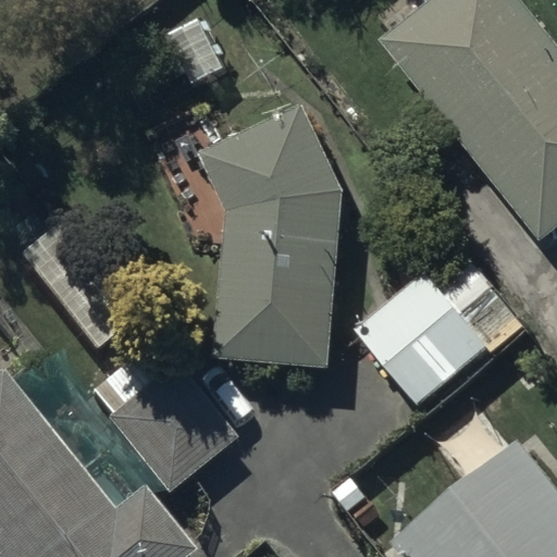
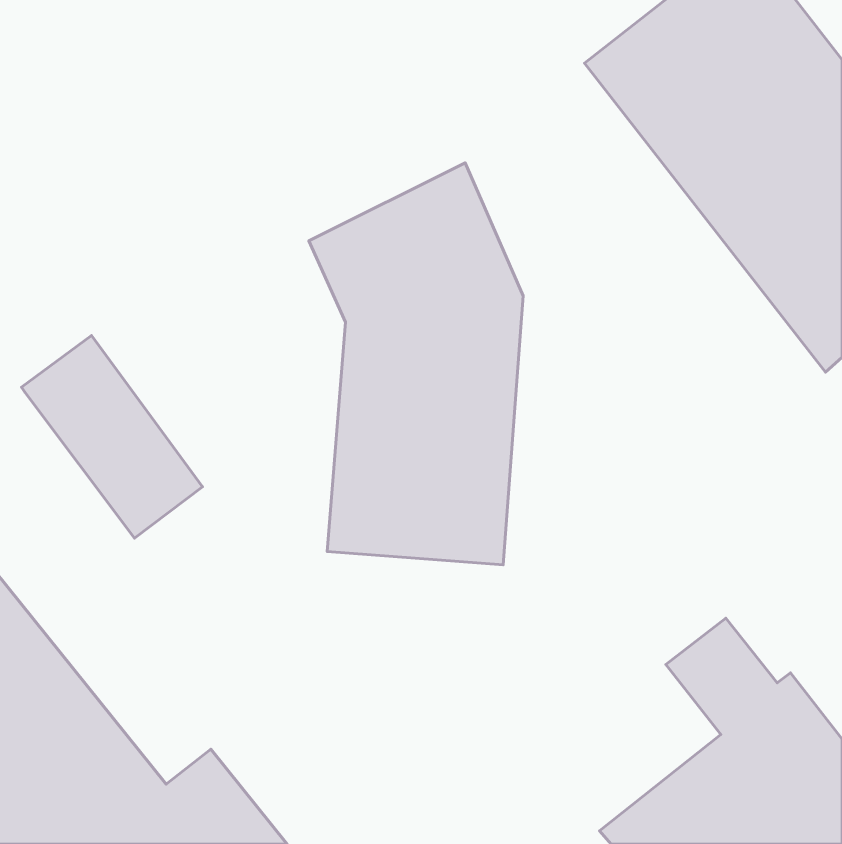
building: [356,255,523,406] -> none
building: [99,339,232,497] -> none

